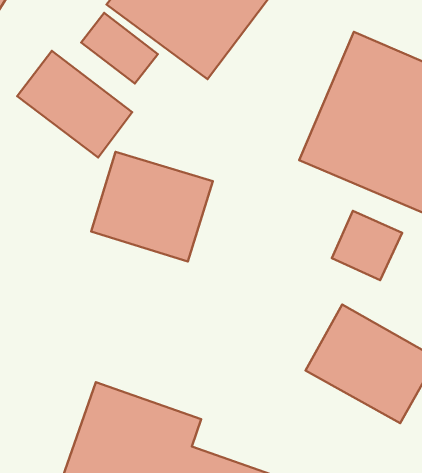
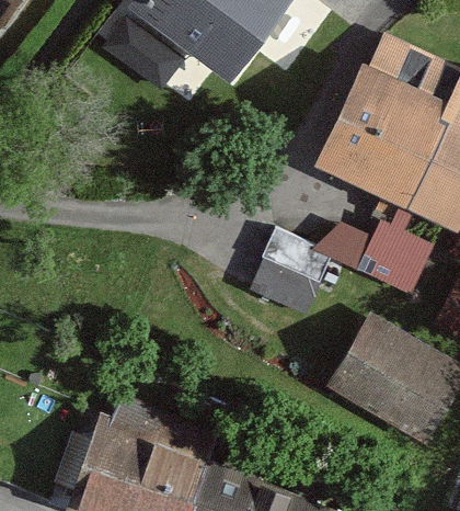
building: [17,51,132,157] -> none
building: [91,152,213,262] -> none
building: none -> [244,232,326,321]

